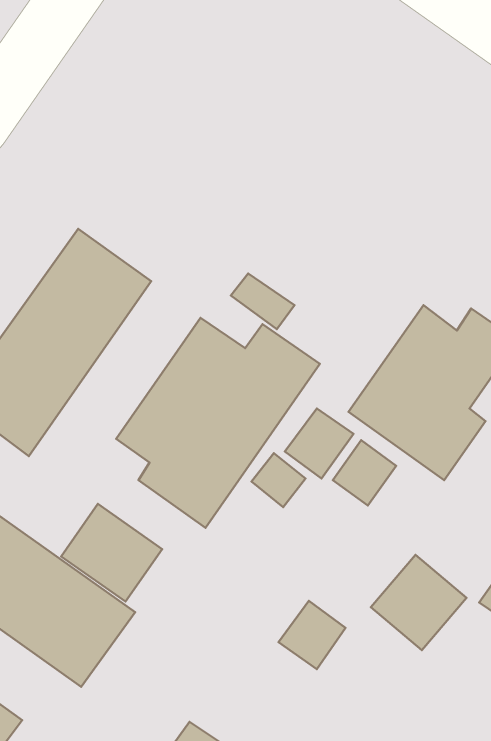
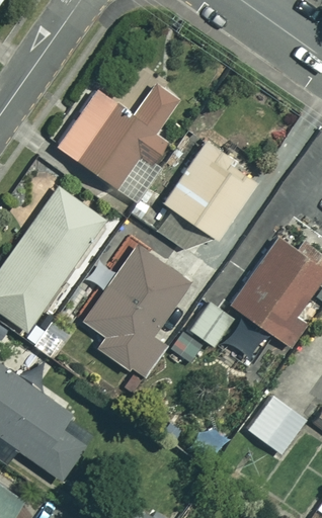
building: none -> [58,86,181,187]
building: none -> [164,145,257,240]
building: [61,504,162,602] -> none

